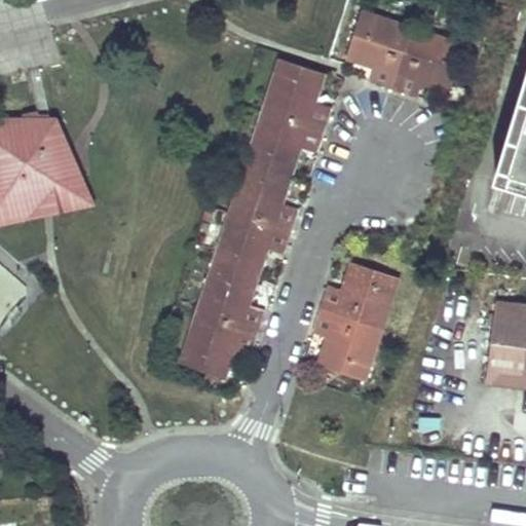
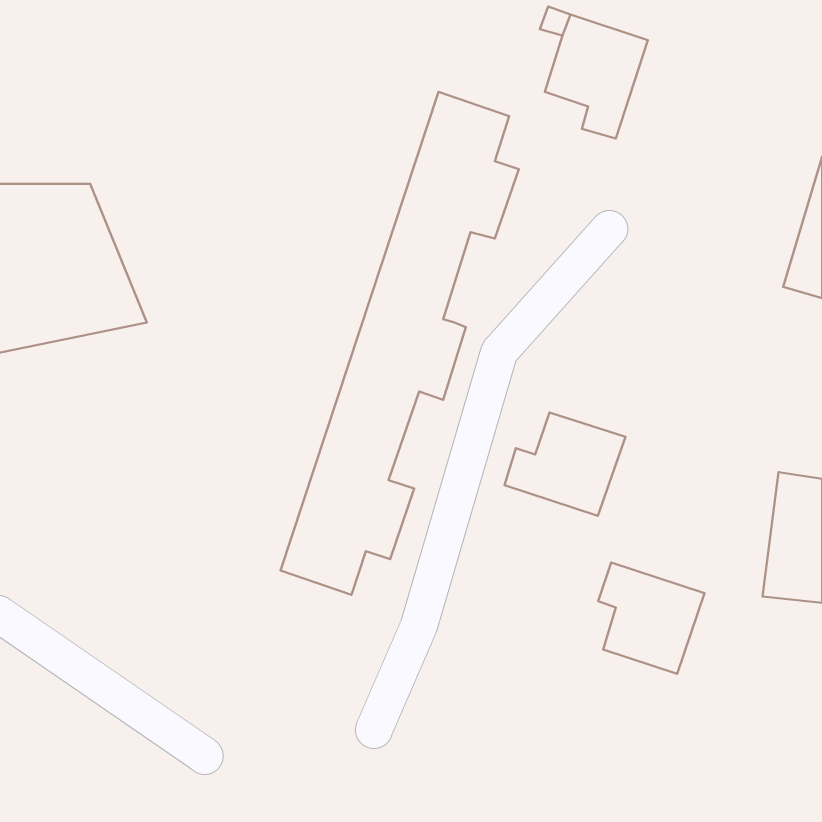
building: [392,26,465,97] -> none
building: [313,309,381,380] -> [598,563,705,674]

